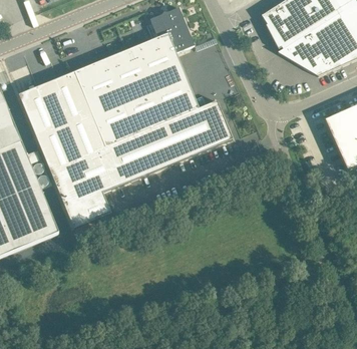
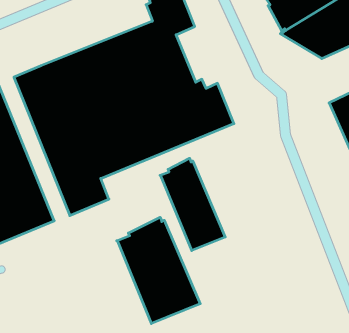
building: none -> [160,158,225,251]
building: none -> [117,217,200,324]

